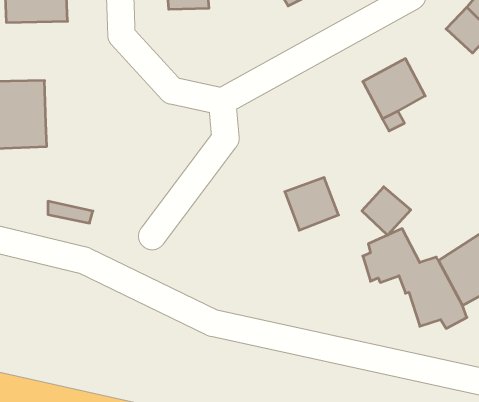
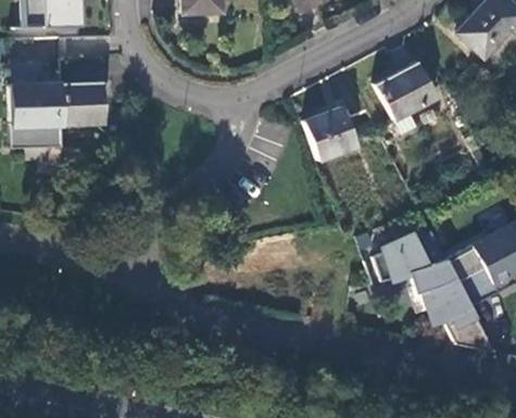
building: none -> [61,81,104,125]
building: [285,178,339,230] -> [304,107,357,160]
building: [362,187,411,235] -> none

